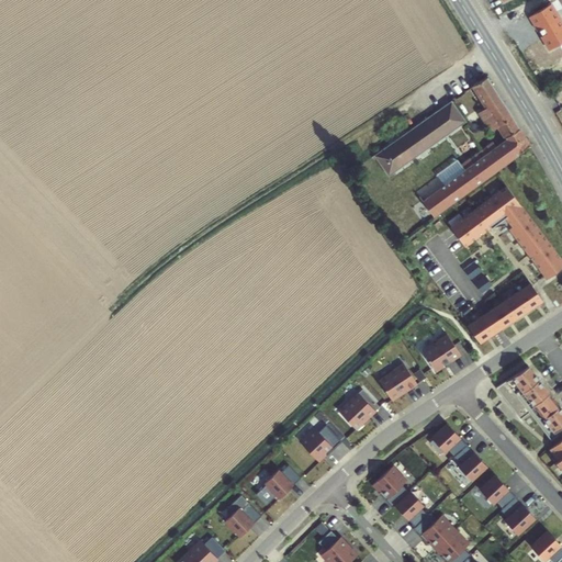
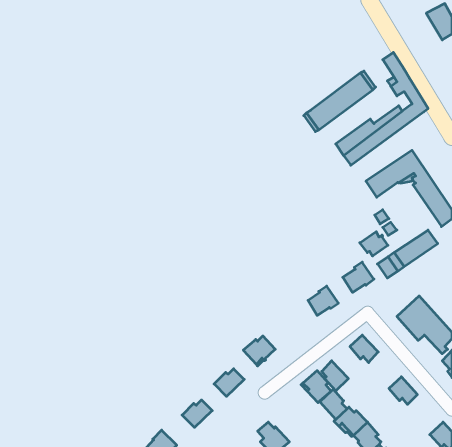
building: none -> [360,232,388,256]
building: [339,392,376,428] -> none
building: [456,443,488,481] -> [322,361,348,391]
building: [502,496,537,535] -> none

